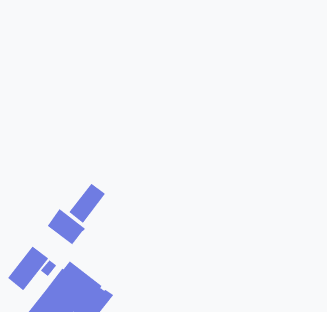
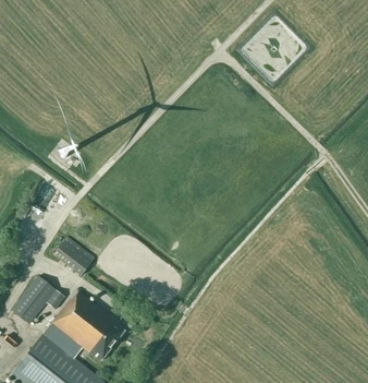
building: [69,183,106,224] -> none

